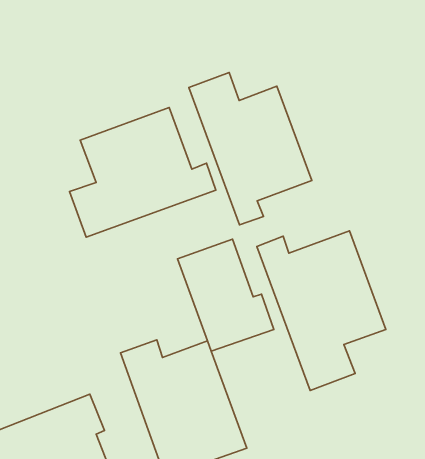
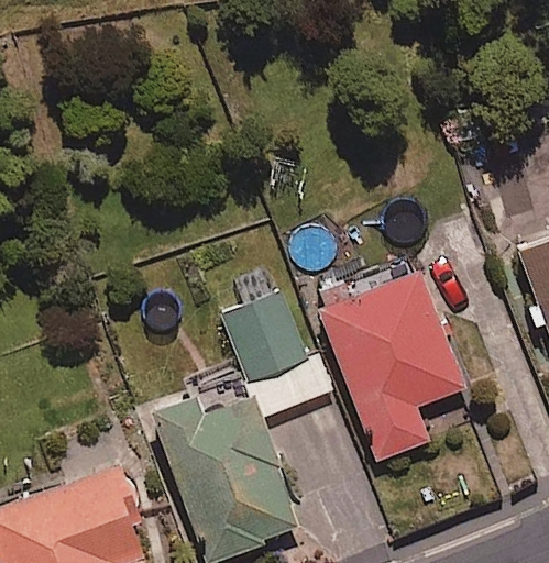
building: [189,73,312,225] -> none
building: [70,108,216,237] -> none

